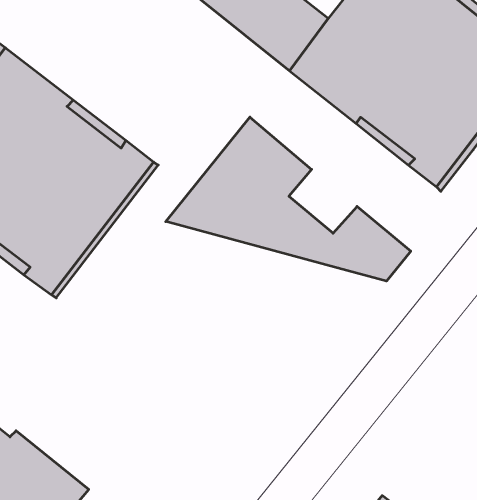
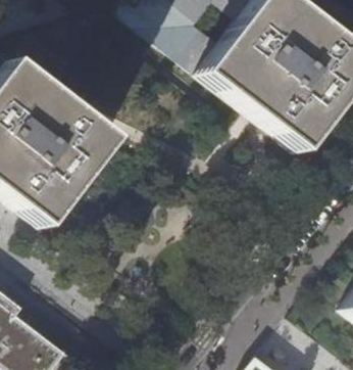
building: [166,117,411,281] -> none

